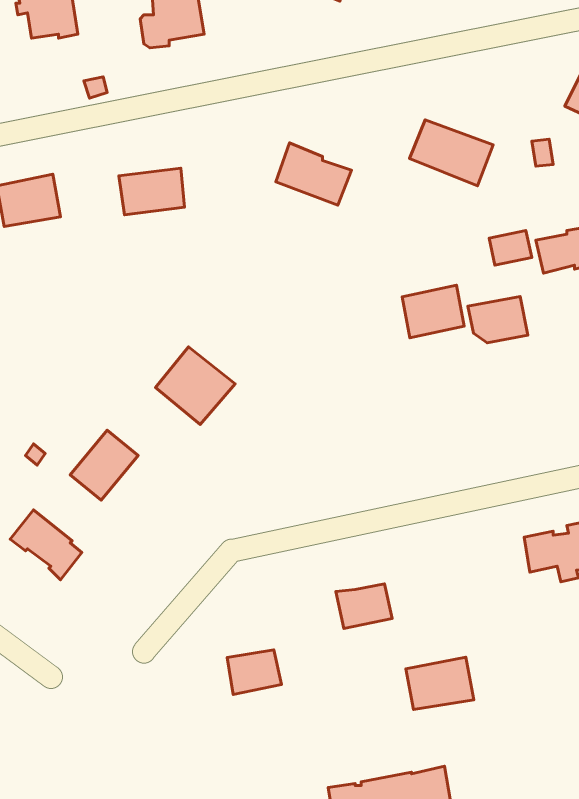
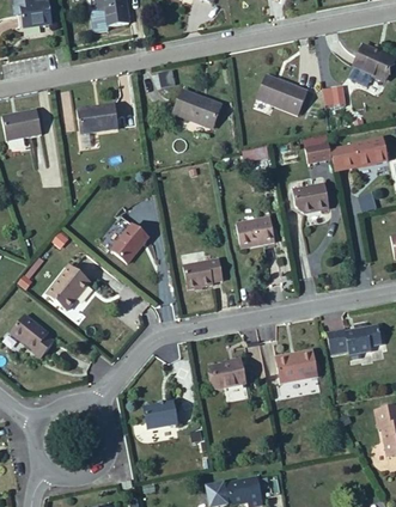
building: [402,285,464,338] -> [236,215,274,248]
building: none -> [182,258,223,288]
building: [406,657,474,709] -> [275,349,317,381]

